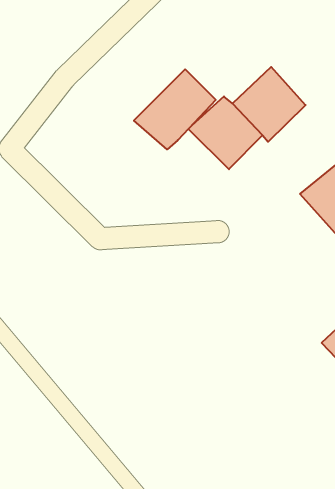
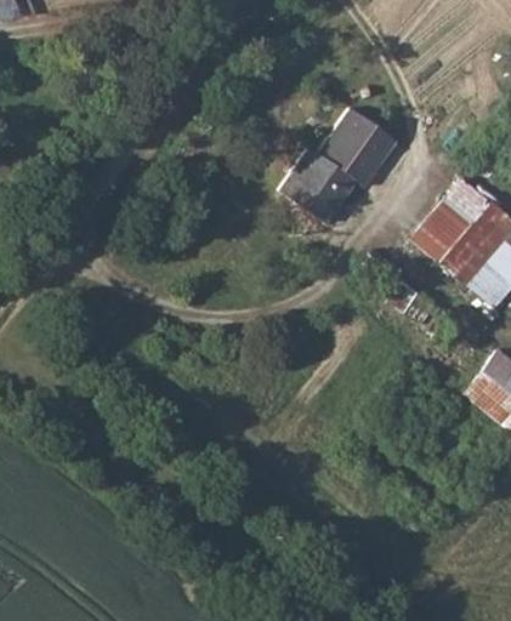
building: [134,69,216,149] -> none

